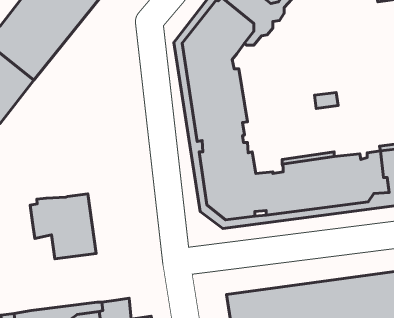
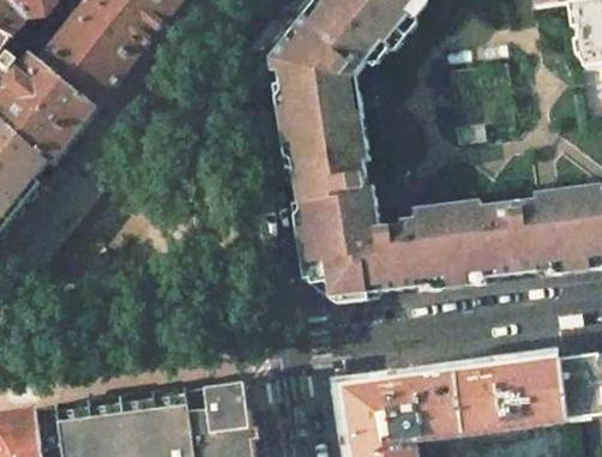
building: [30,194,96,259] -> none

